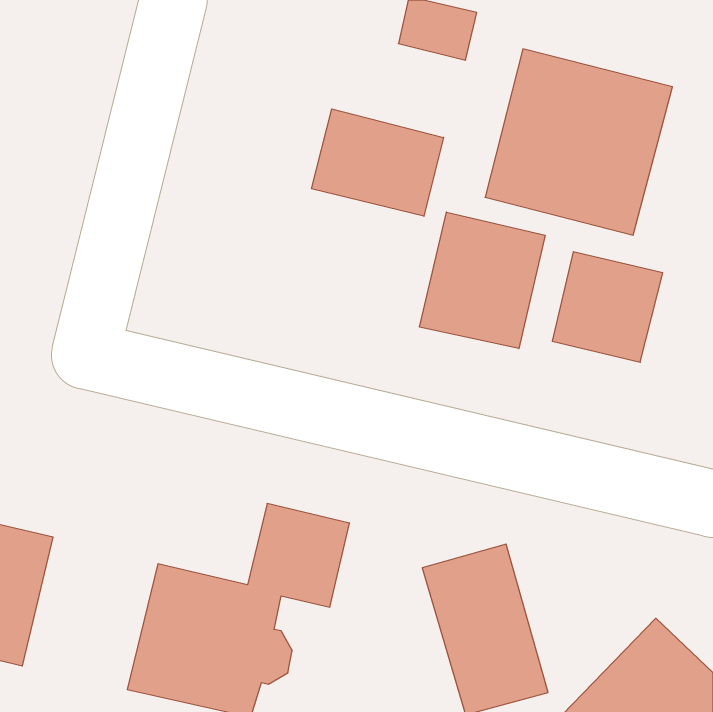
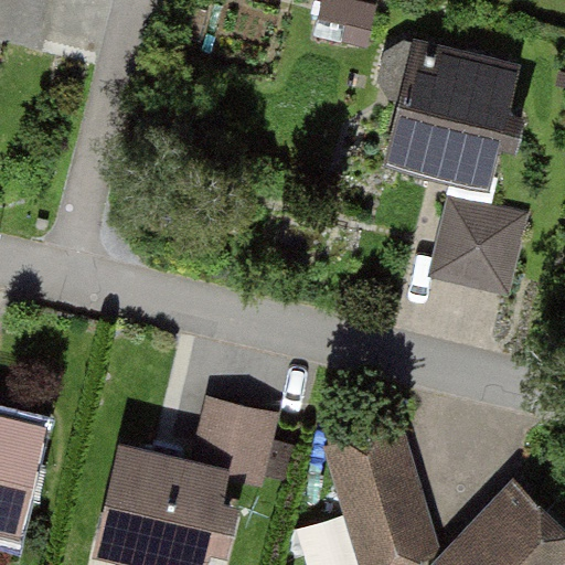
building: [312,109,444,216] -> none
building: [420,212,545,349] -> none

